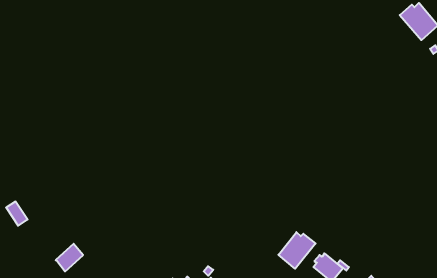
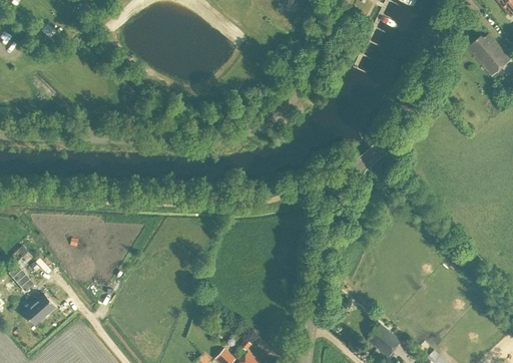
building: [278,232,316,269] -> none
building: [56,244,83,271] -> [23,294,55,326]

